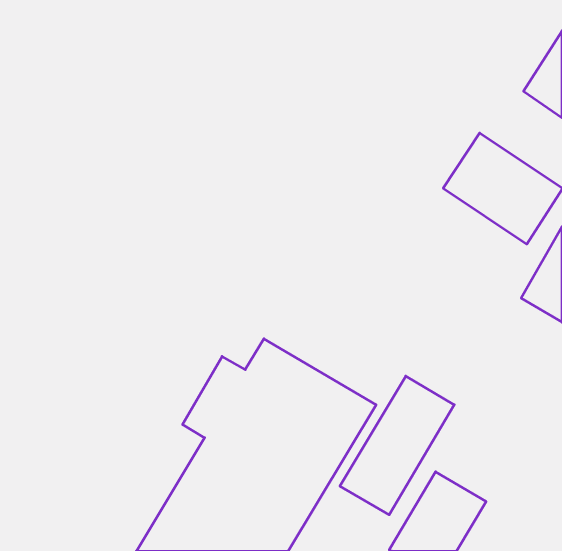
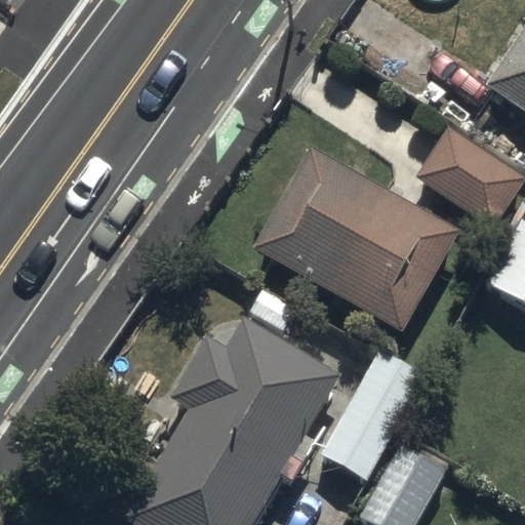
building: none -> [254,152,460,333]

